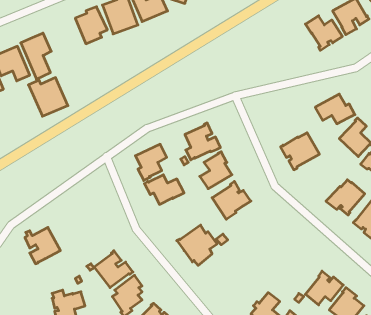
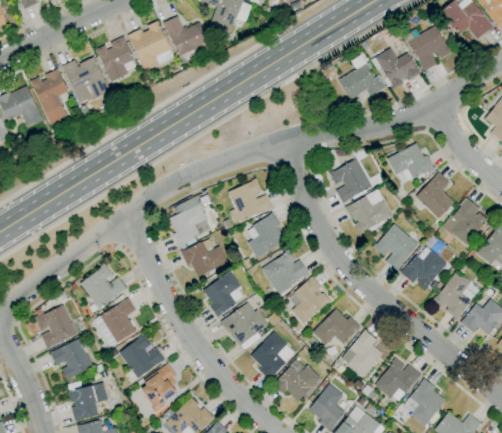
building: none -> [339,63,386,100]
building: [28,78,68,116] -> [61,57,109,104]
building: none -> [329,153,372,204]
building: none -> [372,224,419,271]
building: none -> [81,264,127,309]
building: none -> [203,271,241,318]
building: none -> [292,276,332,324]
building: none -> [100,298,136,343]
building: none -> [313,309,361,345]
building: none -> [348,330,383,377]
building: none -> [251,332,287,380]
building: none -> [50,338,93,381]
building: none -> [274,365,321,402]

